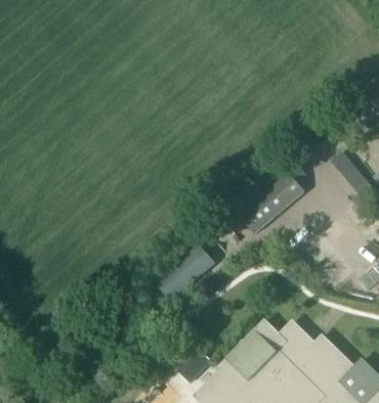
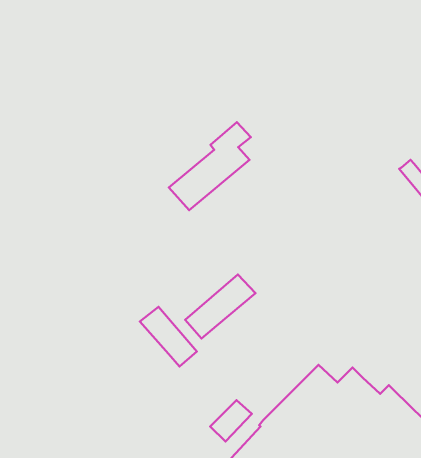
building: [238,161,304,232] -> [169,122,251,210]
building: none -> [140,307,197,366]

